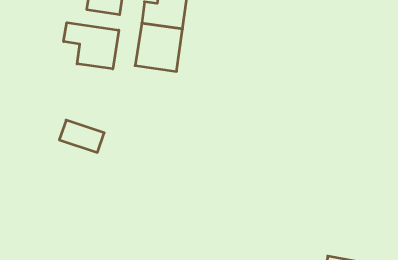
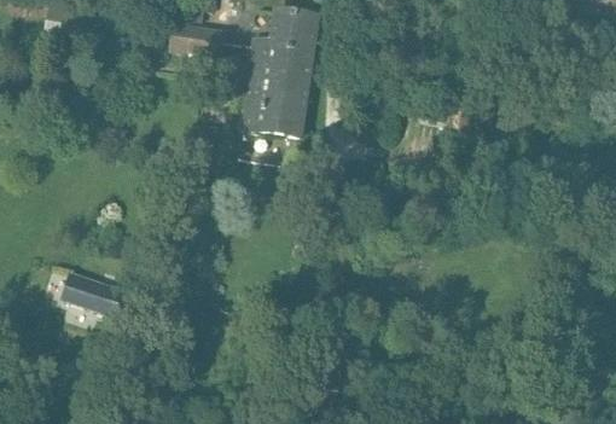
building: [64,23,119,69] -> none
building: [59,120,104,152] -> [62,272,126,318]

